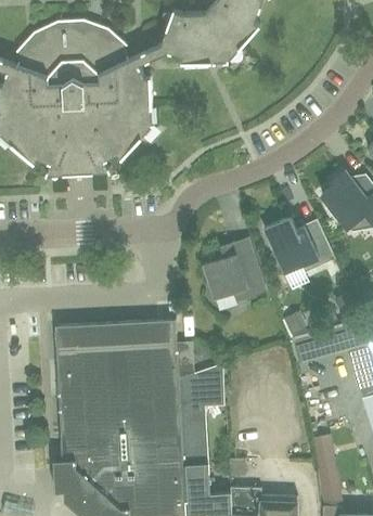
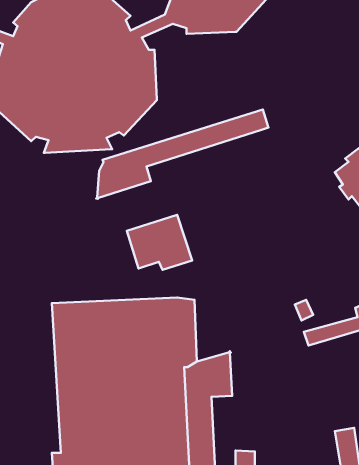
building: none -> [96,109,269,199]
building: [263,217,335,275] -> none
building: [204,250,266,302] -> [127,215,192,270]

